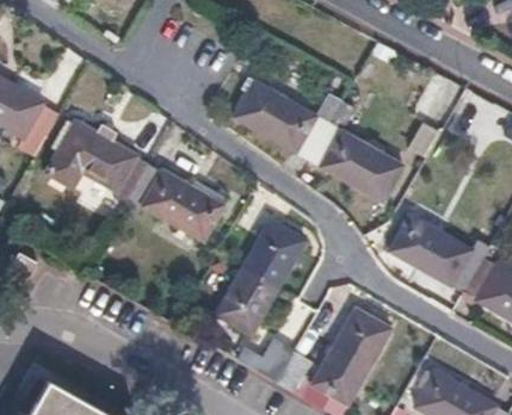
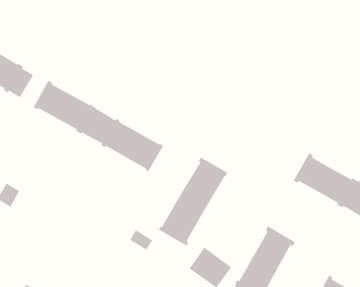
building: [232,81,401,202] -> none

